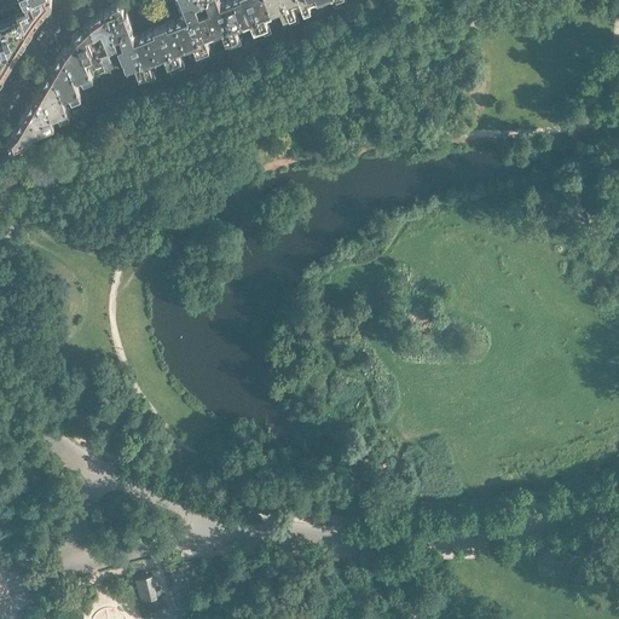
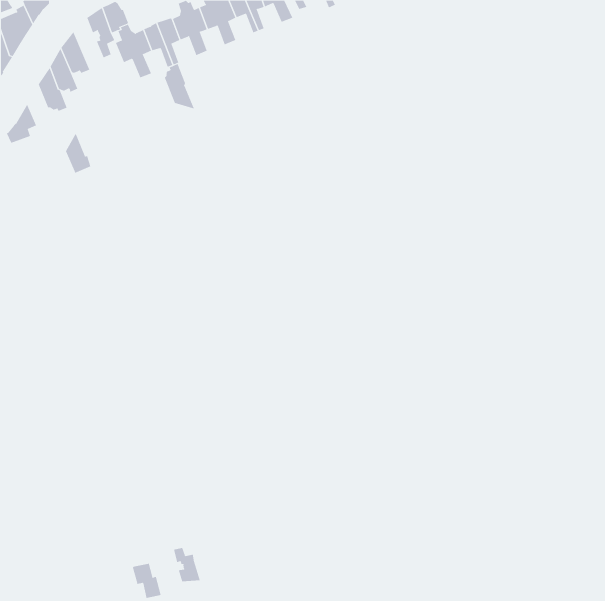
building: [76,23,106,68] -> none
building: none -> [164,63,195,110]
building: [29,91,56,133] -> [65,132,91,174]
building: none -> [174,547,201,582]

